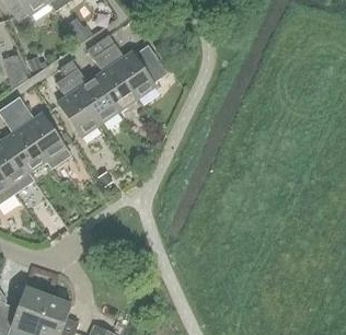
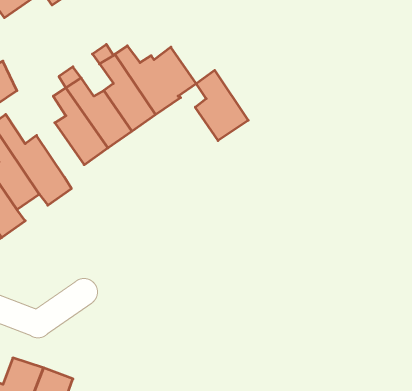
building: none -> [195,70,248,141]

